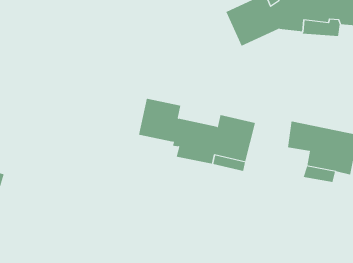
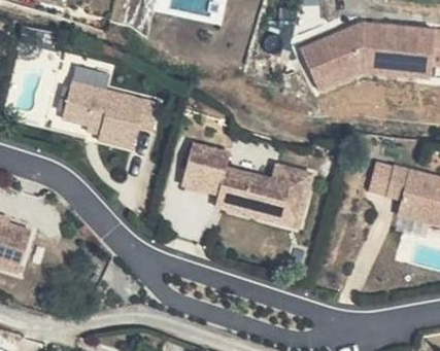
building: none -> [80,81,173,144]

